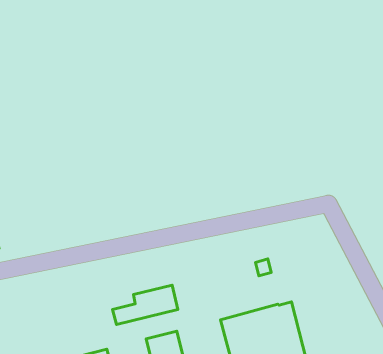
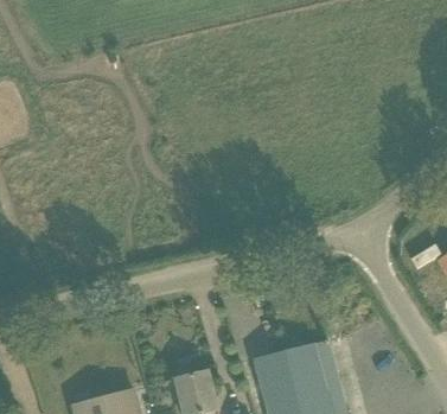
building: [113,285,178,325] -> none

